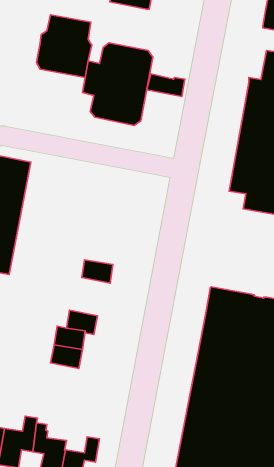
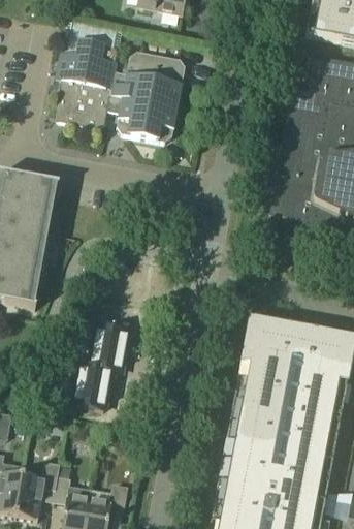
building: none -> [55,77,111,126]
building: [147,74,185,96] -> none
building: [82,260,113,283] -> [94,323,128,349]

